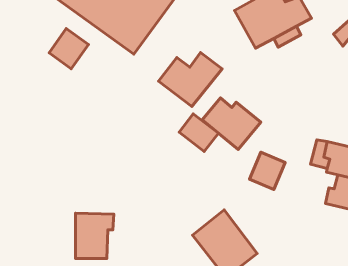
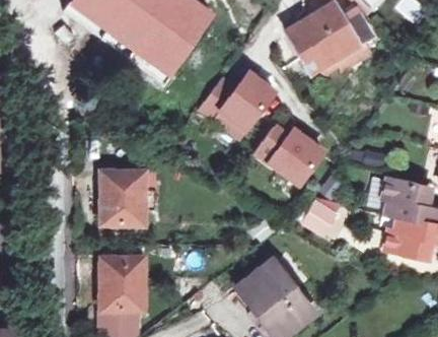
building: [49,29,88,69] -> none
building: [179,114,218,151] -> none
building: none -> [100,168,158,221]

